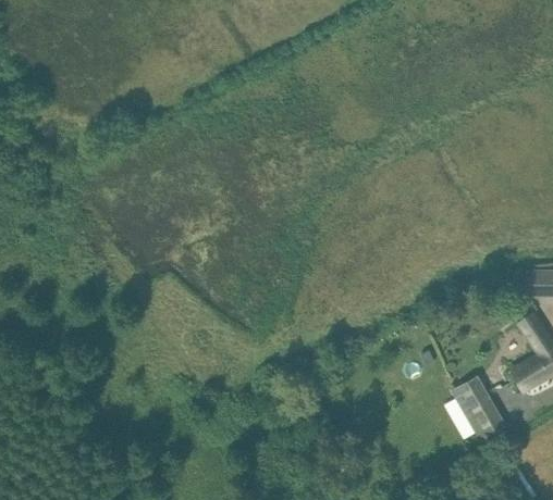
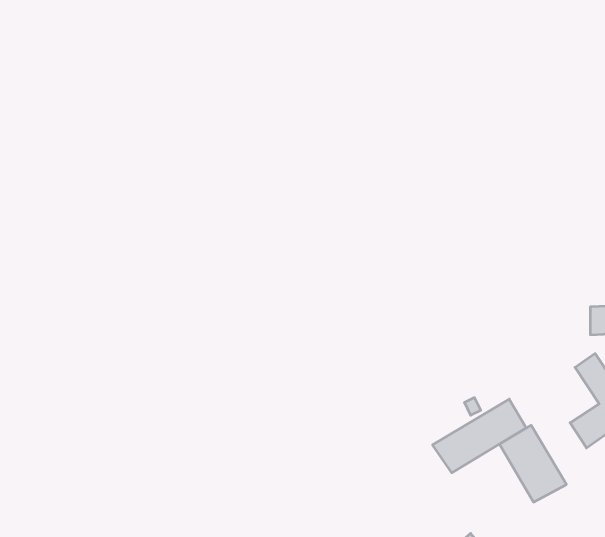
building: none -> [433,399,526,473]

